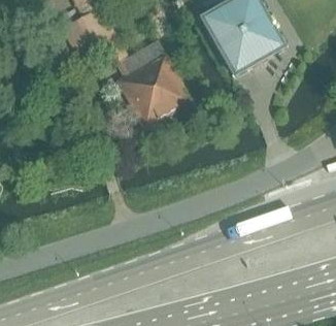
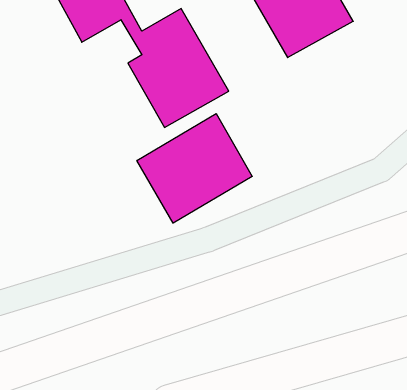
building: none -> [137,114,252,223]

